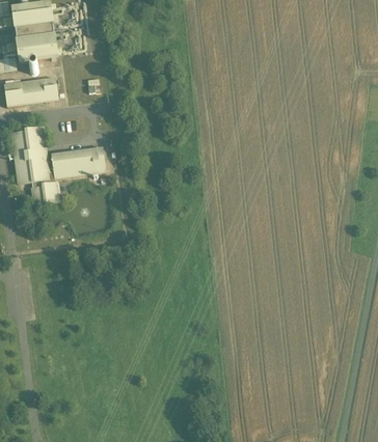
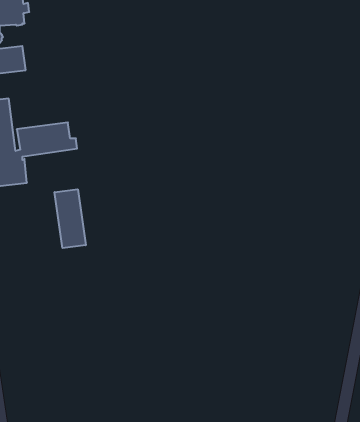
building: none -> [55,189,86,248]

